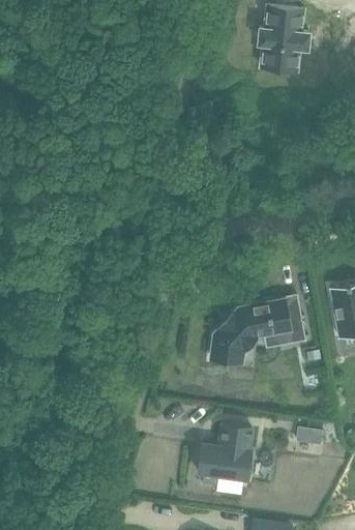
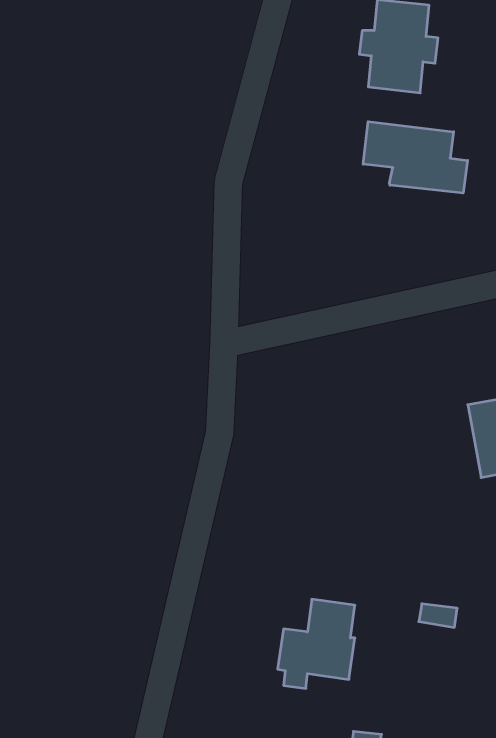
building: none -> [363,122,468,193]
building: [212,301,305,363] -> none

